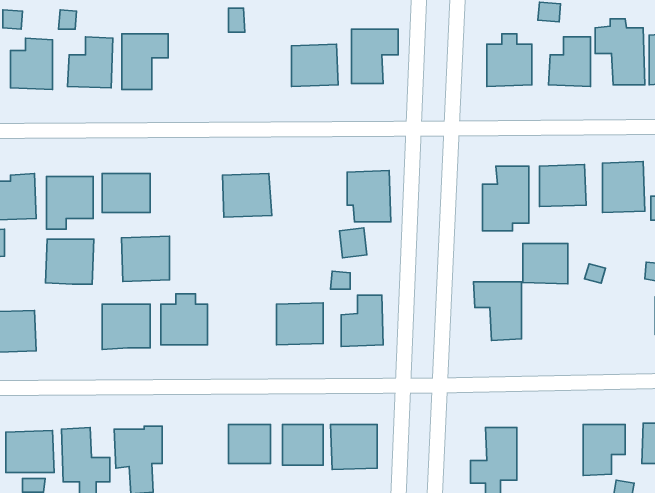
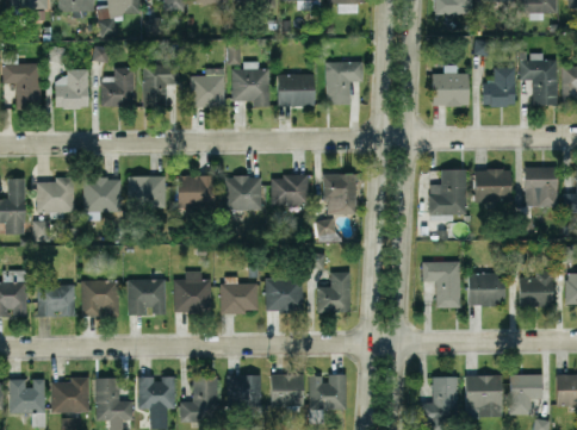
building: none -> [231,62,269,107]
building: none -> [190,69,225,107]
building: none -> [271,175,309,205]
building: [121,236,170,281] -> [176,175,215,211]
building: [46,239,94,284] -> [81,281,119,317]
building: [523,243,568,284] -> [469,274,504,306]
building: none -> [519,273,552,307]
building: none -> [221,280,258,313]
building: none -> [465,375,502,418]
building: none -> [180,376,217,423]

